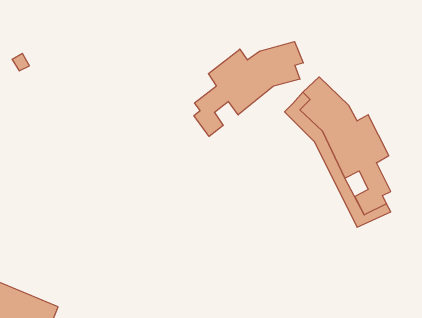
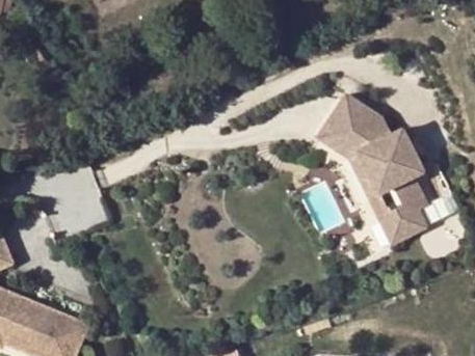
building: [194,42,303,136] -> none

